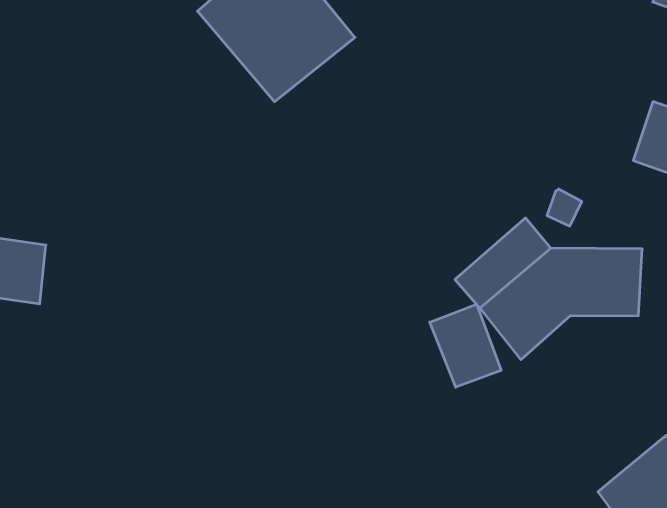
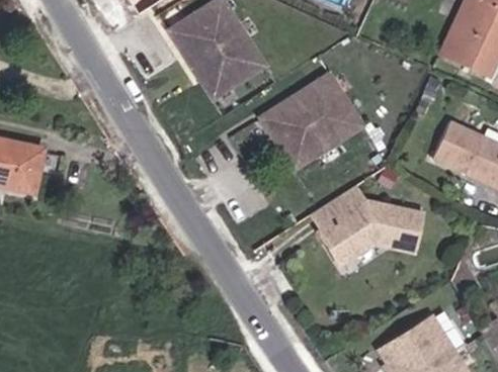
building: none -> [257,78,354,169]
building: [430,304,501,387] -> none

